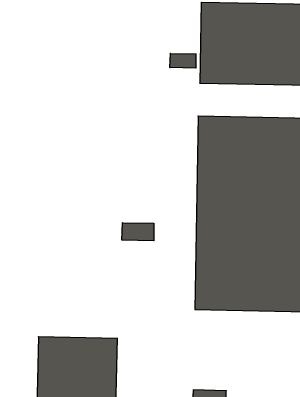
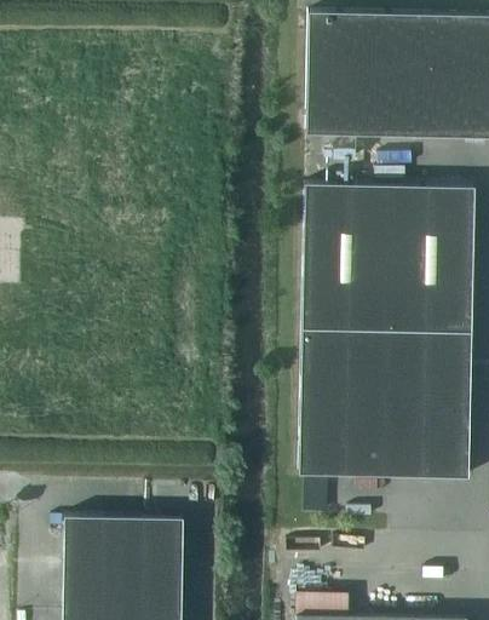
building: [170,53,196,68] -> none
building: [122,223,154,241] -> none

